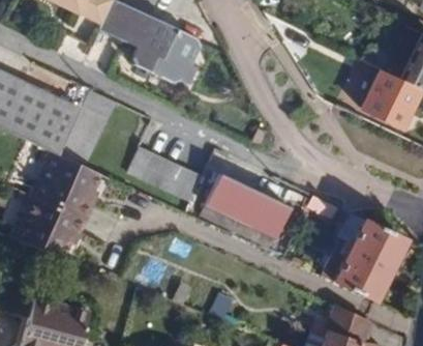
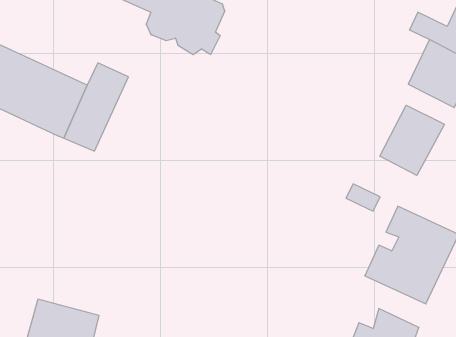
building: none -> [380,105,444,175]
building: [126,147,201,201] -> none
building: [16,152,100,257] -> none
building: [205,174,290,237] -> none

